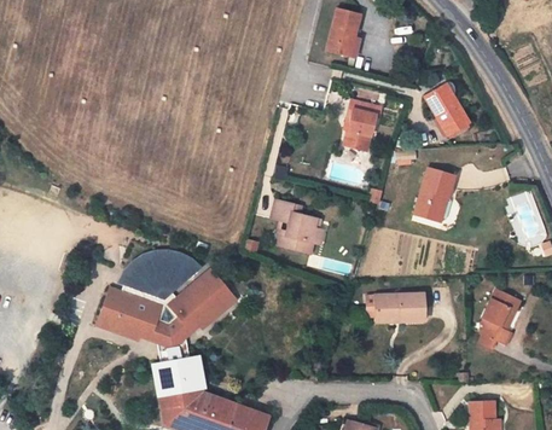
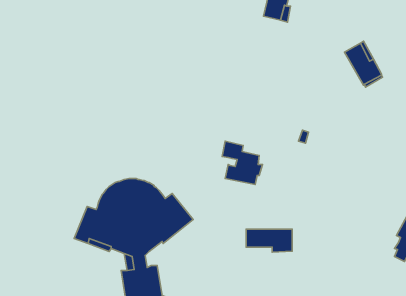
building: [344,104,377,155] -> none
building: [409,169,452,226] -> none
building: [371,294,426,321] -> [246,229,292,252]

